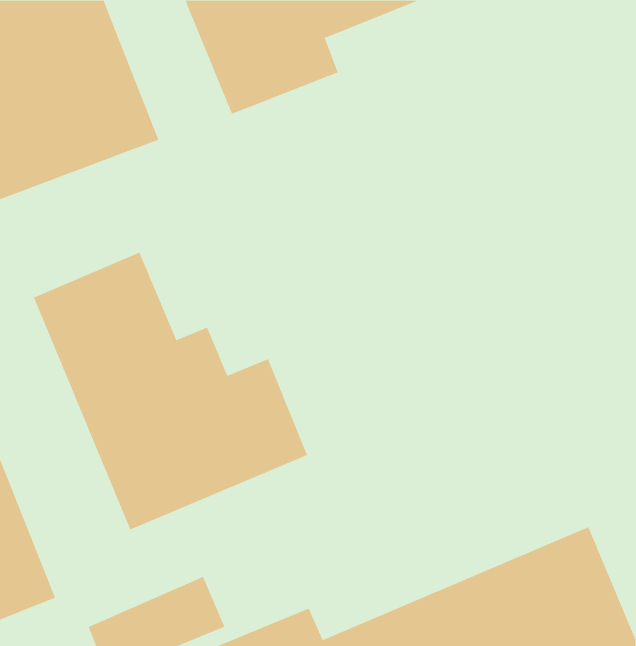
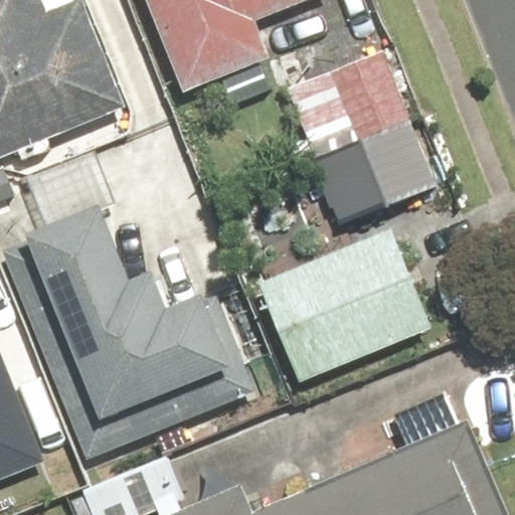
building: none -> [275,38,430,211]
building: none -> [255,220,438,388]

